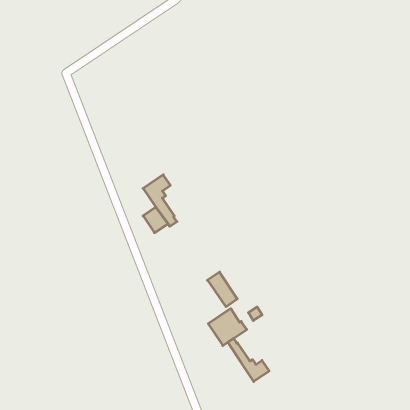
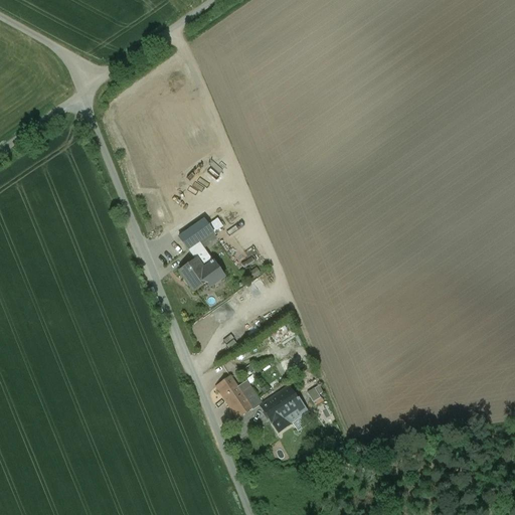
building: [207,272,237,307] -> [215,374,252,417]
building: [228,338,269,382] -> none

